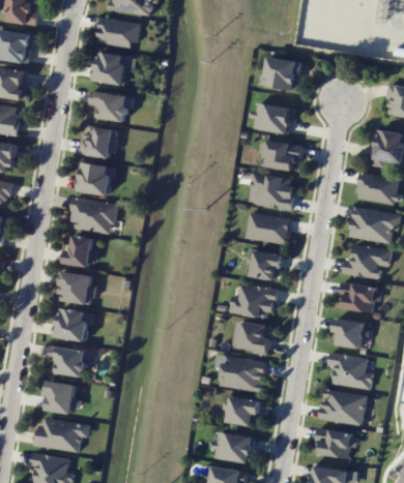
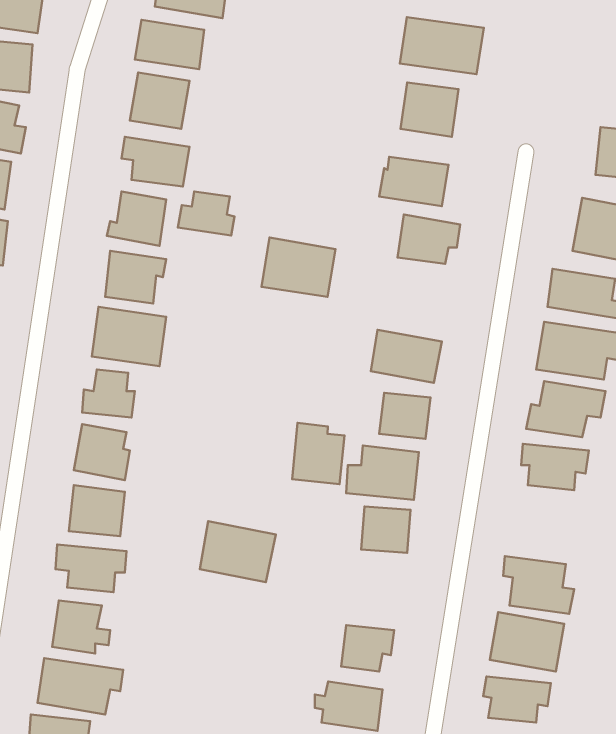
building: none -> [400,17,484,74]
building: none -> [178,192,234,236]
building: [247,173,293,210] -> [261,238,336,297]
building: none -> [292,423,345,484]
building: [333,319,364,349] -> none
building: [218,355,265,393] -> [200,521,276,582]

